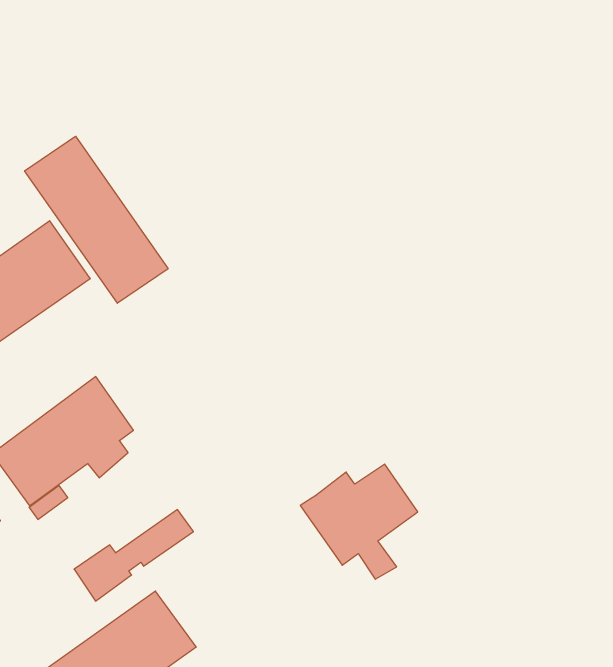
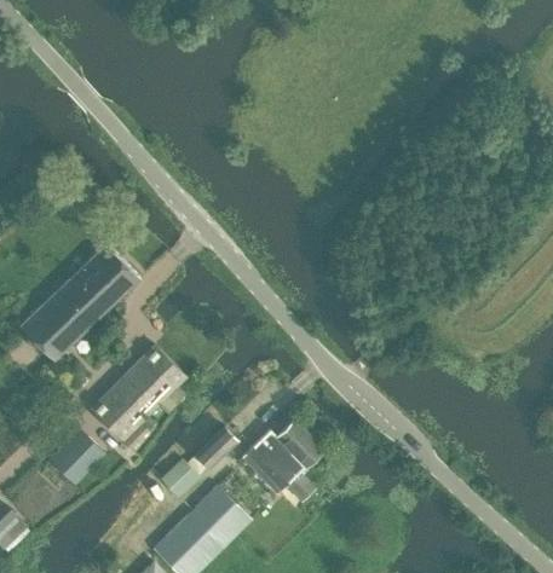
building: [25,136,168,303] -> none
building: [300,464,418,579] -> [241,419,322,499]

